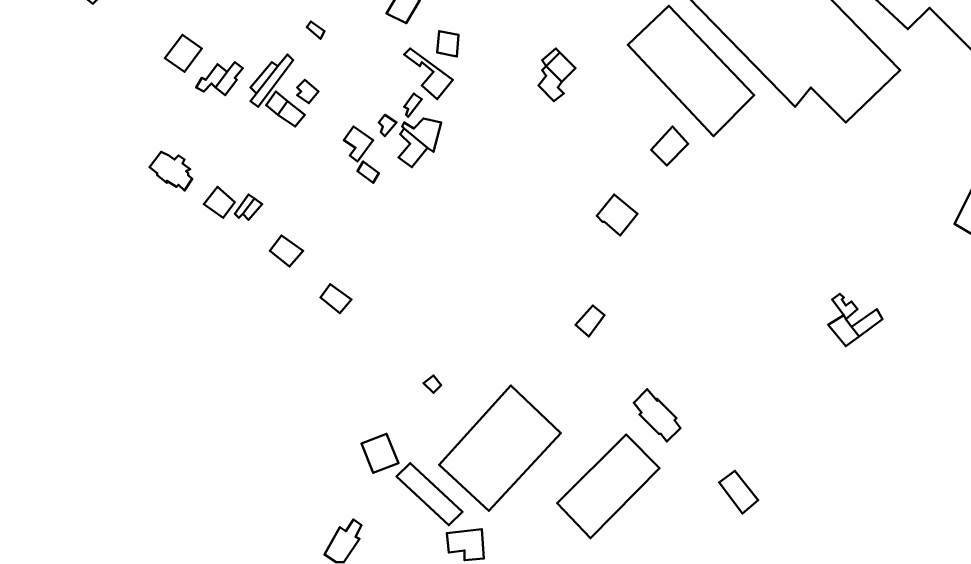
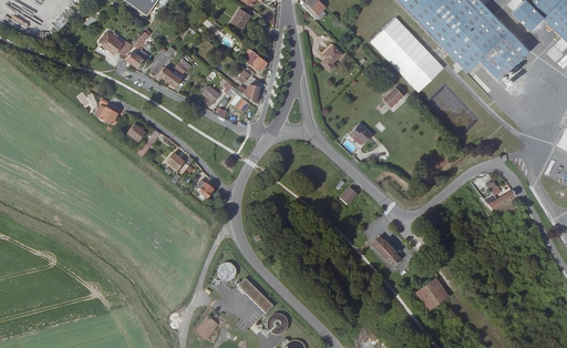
building: [439,385,561,511] -> none
building: [557,435,659,538] -> none

